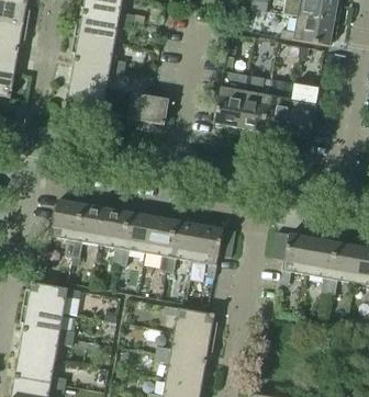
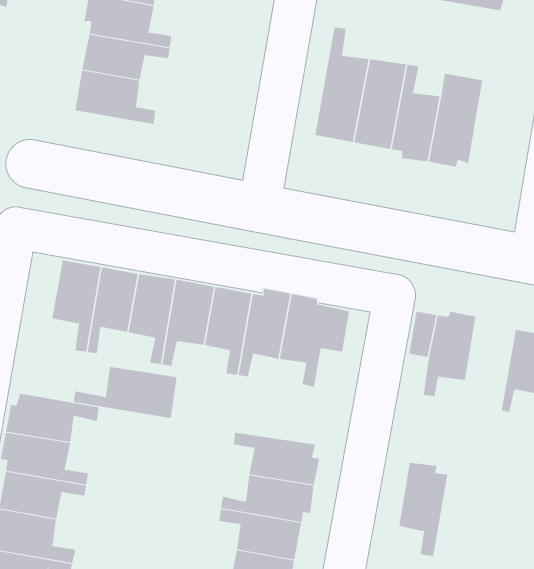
building: [115,92,169,124] -> none
building: [308,234,338,292] -> [398,462,448,556]
building: none -> [73,366,177,419]

